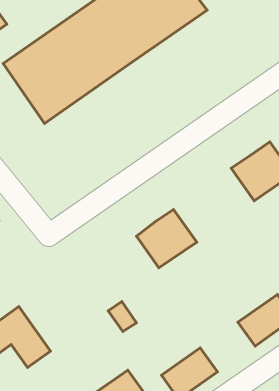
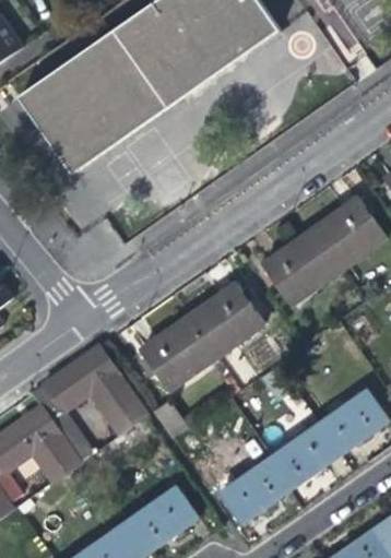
building: none -> [261,229,337,305]
building: none -> [139,316,216,390]
building: none -> [29,345,146,462]
building: none -> [269,425,339,488]

